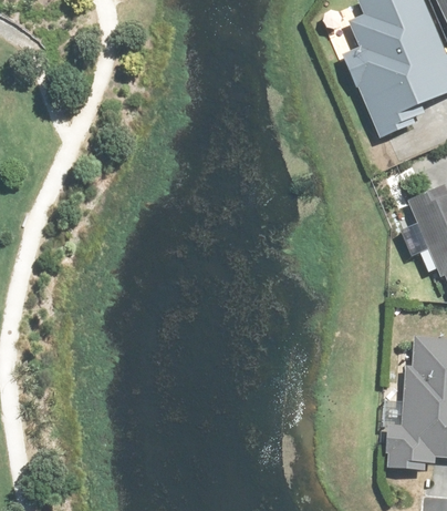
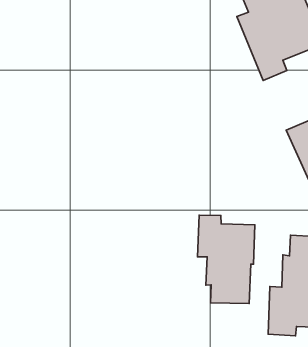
building: none -> [198,215,255,304]

